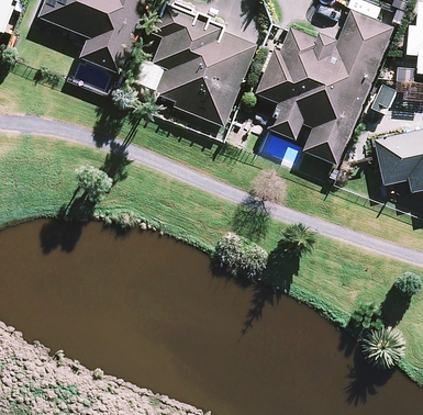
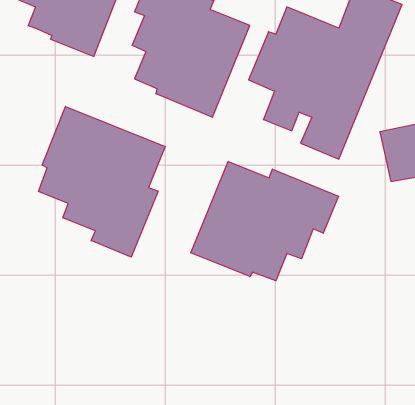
building: none -> [38,106,165,257]
building: none -> [191,161,339,281]

